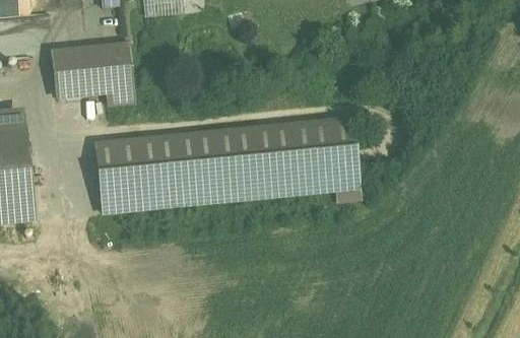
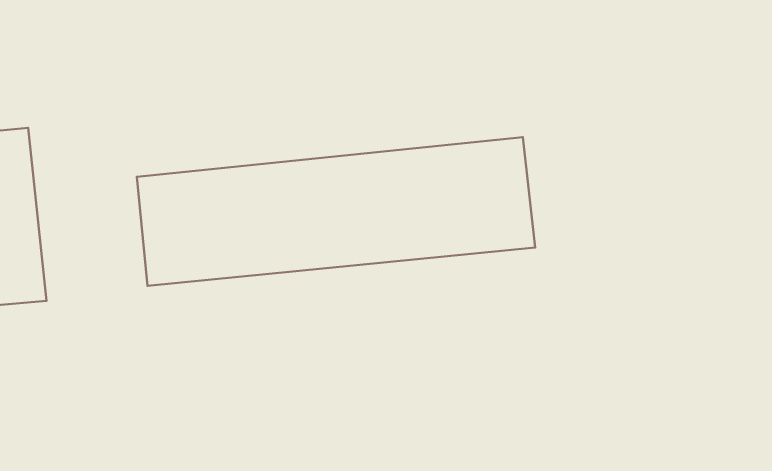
building: [54,45,133,96] -> none

